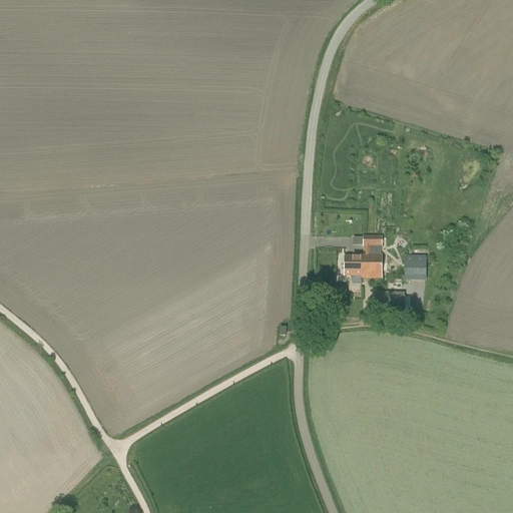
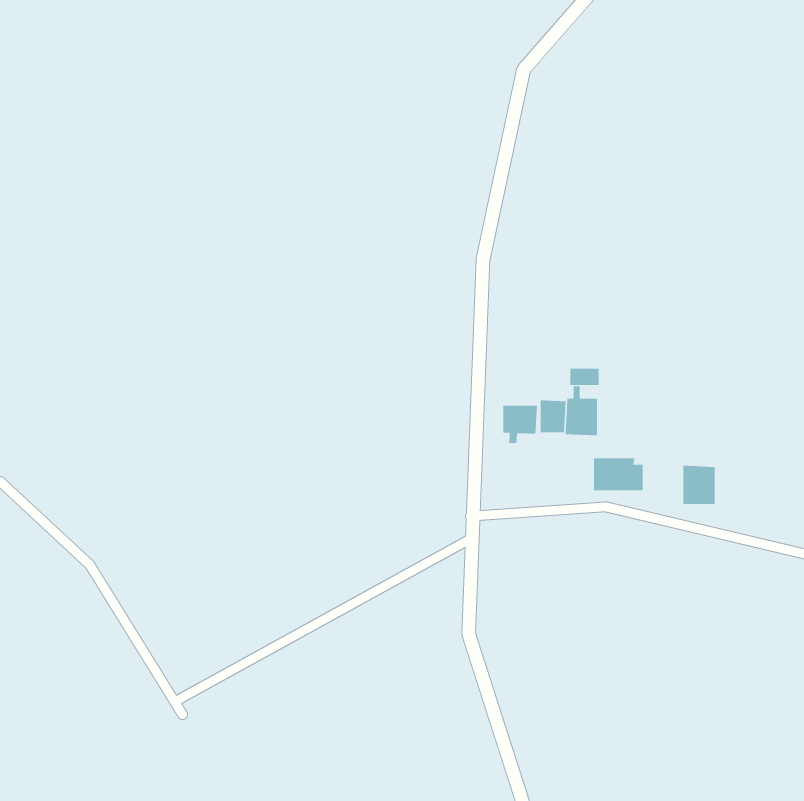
building: [405,254,426,280] -> [682,465,716,505]
building: none -> [503,405,537,444]

